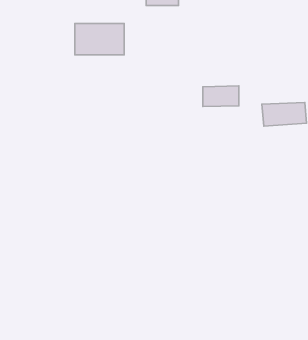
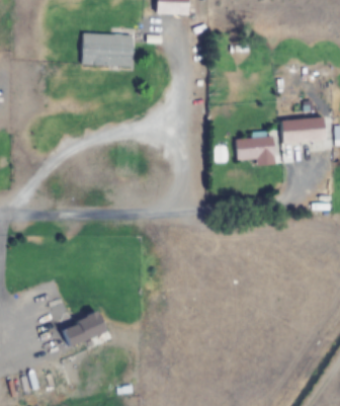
building: [203,86,239,107] -> [237,137,275,159]
building: none -> [61,311,111,350]

